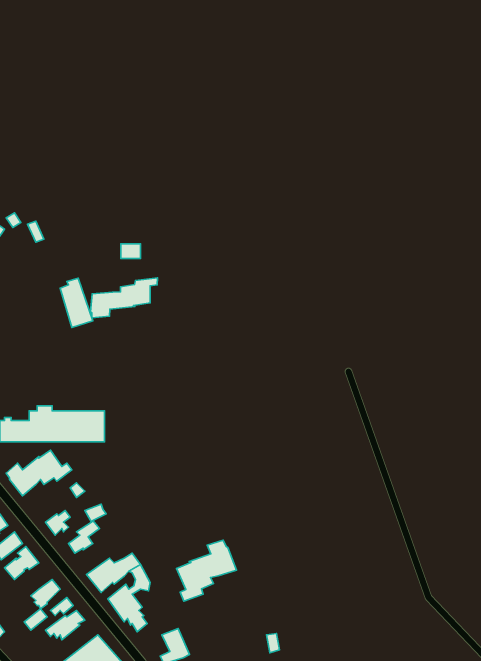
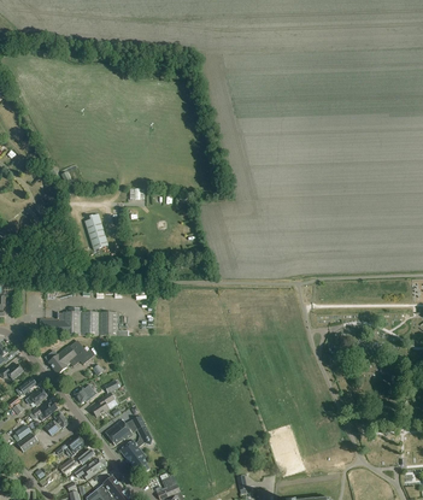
building: [91,278,157,318] -> none
building: [176,540,236,601] -> none

